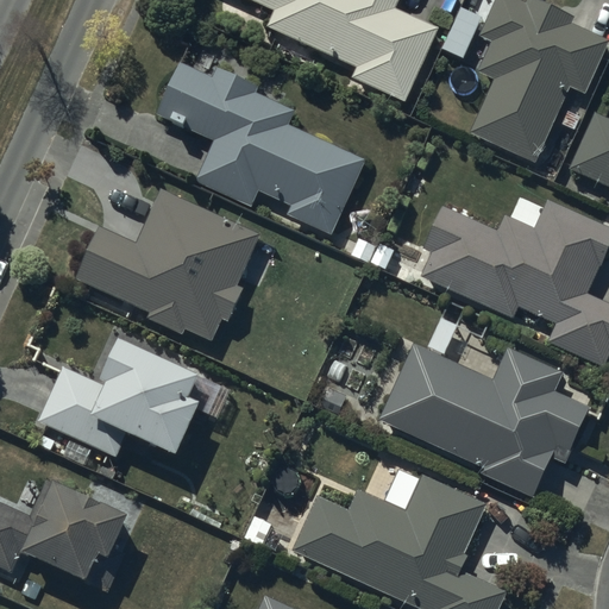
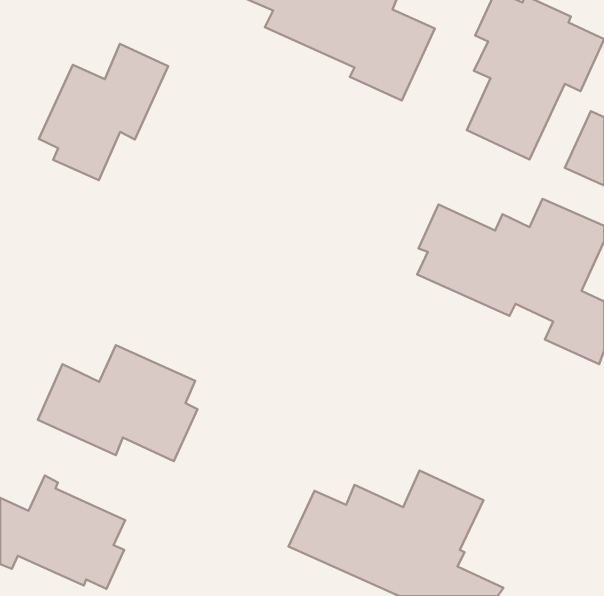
building: none -> [39,44,168,180]
building: [156,62,364,233] -> none
building: [75,190,259,341] -> none
building: [377,343,591,497] -> none

